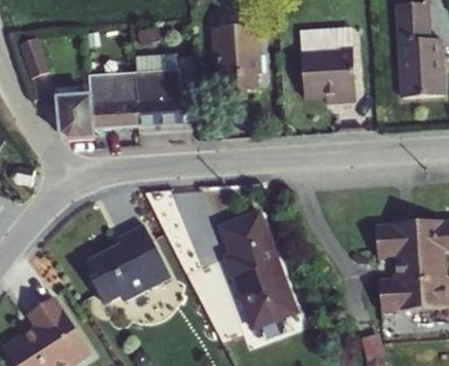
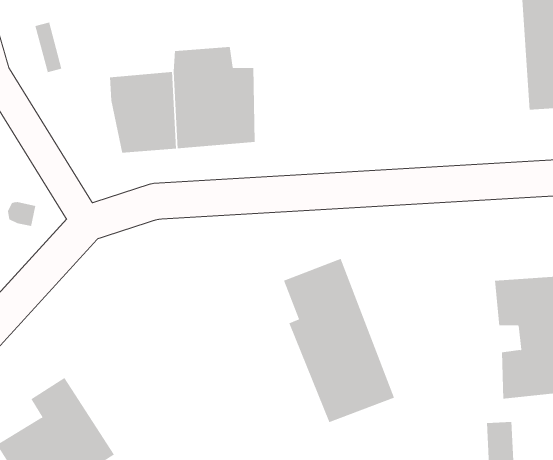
building: [210,24,262,102] -> none
building: [298,24,355,104] -> none
building: [54,90,96,140] -> none
building: [87,221,172,304] -> none

